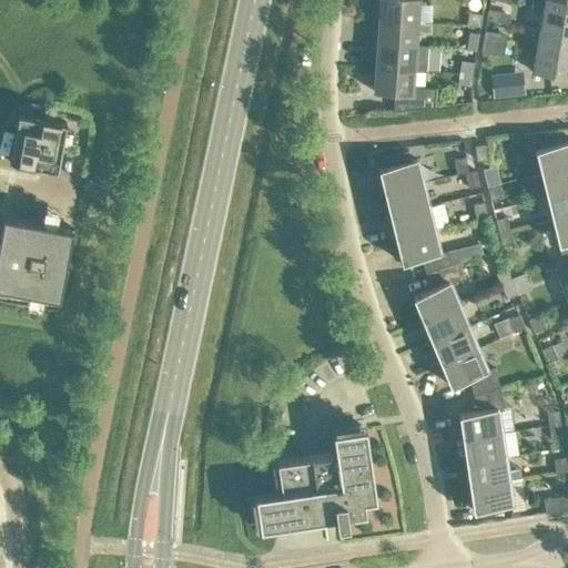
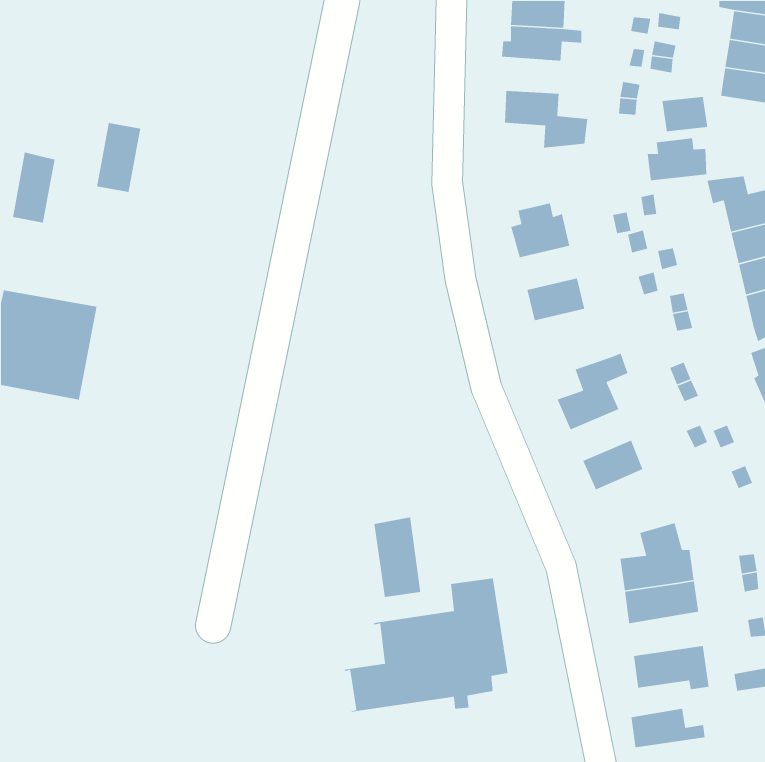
building: [371,45,428,73] -> none
building: none -> [647,138,707,181]
building: [33,121,67,173] -> [96,122,141,193]
building: [385,185,428,217] -> none
building: [396,232,452,276] -> none
building: [423,306,468,344] -> none
building: [442,351,500,397] -> none
building: none -> [374,516,421,598]
building: [466,458,521,488] -> [630,708,705,748]

